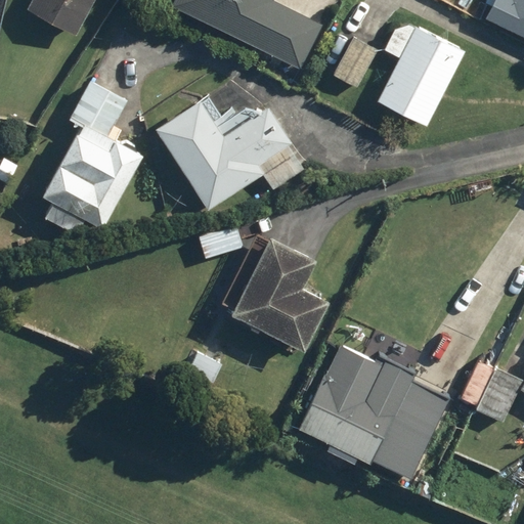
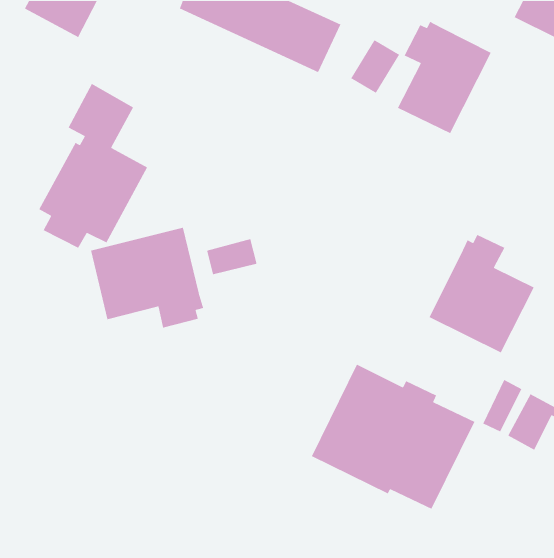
building: [154,99,304,211] -> none
building: none -> [90,227,204,328]
building: none -> [429,234,535,354]
building: [230,236,328,349] -> none

